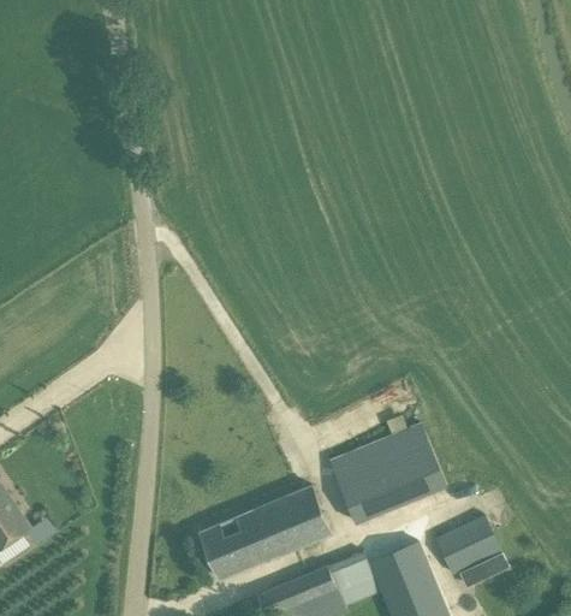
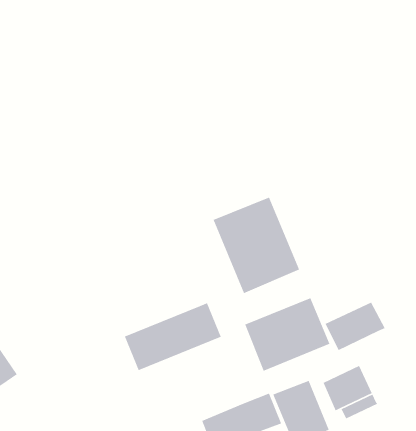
building: none -> [213,197,300,294]
building: none -> [325,301,386,351]
building: [198,487,329,580] -> [124,302,222,371]

